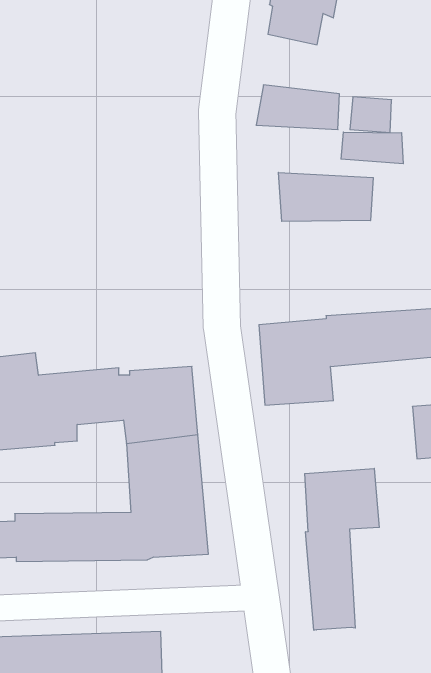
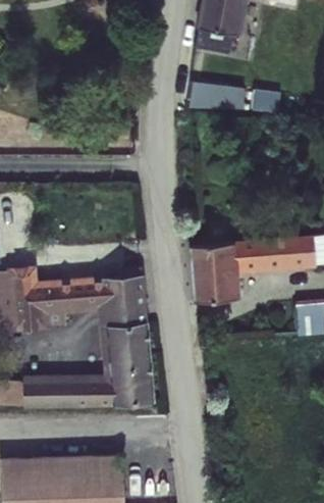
building: [341,132,403,164] -> none
building: [278,172,373,221] -> none
building: [305,468,379,630] -> none

